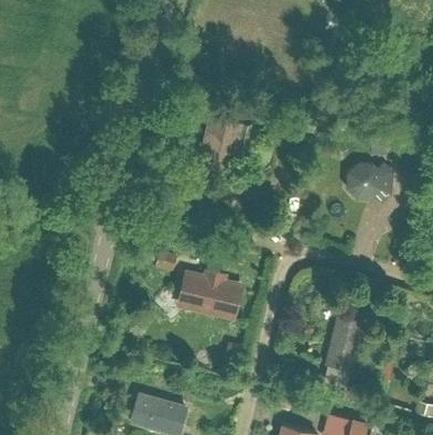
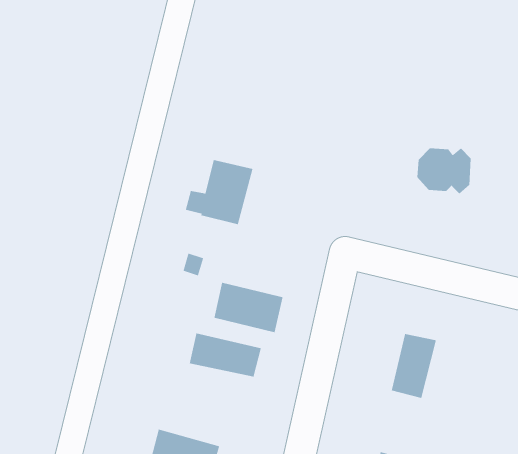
building: [186,117,242,171] -> [185,159,253,225]
building: none -> [189,332,262,378]

